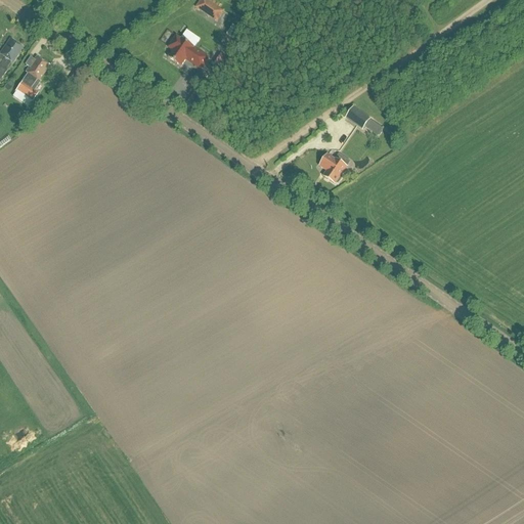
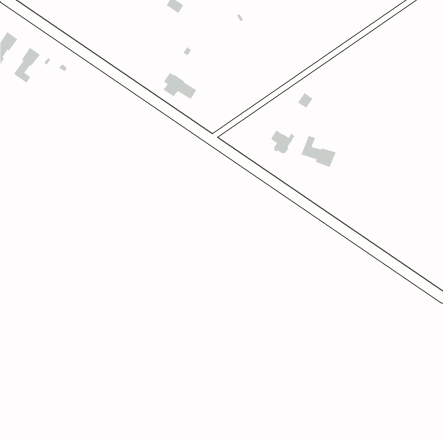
building: [167,35,208,68] -> [162,72,197,100]
building: none -> [300,135,336,168]

